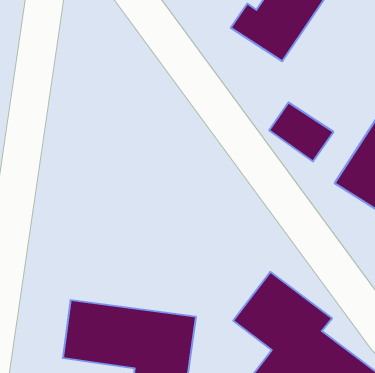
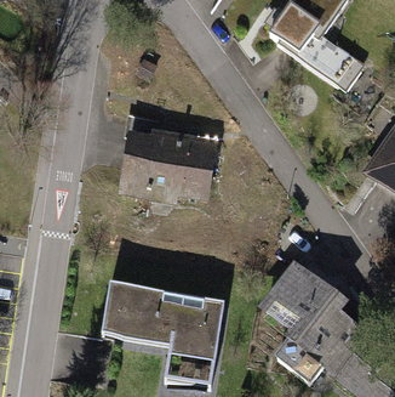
building: [269,102,333,161] -> [305,34,366,90]
building: none -> [121,124,218,199]

